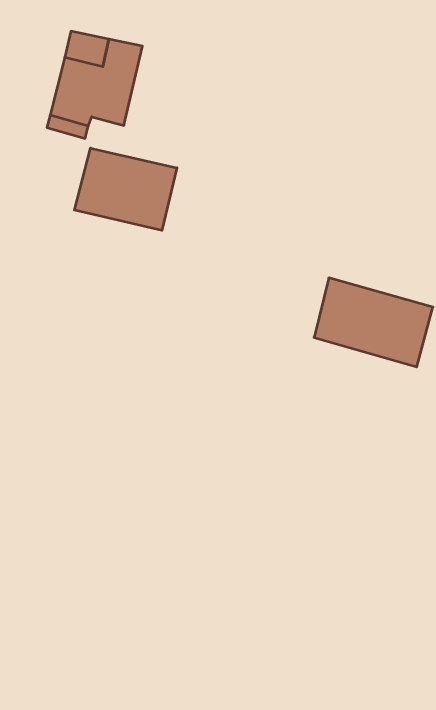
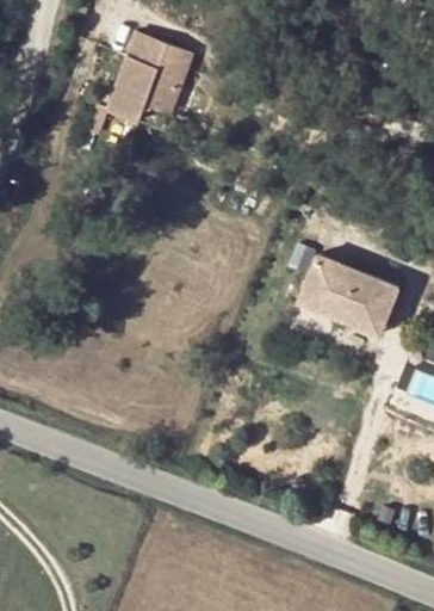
building: [74,148,177,230] -> none

